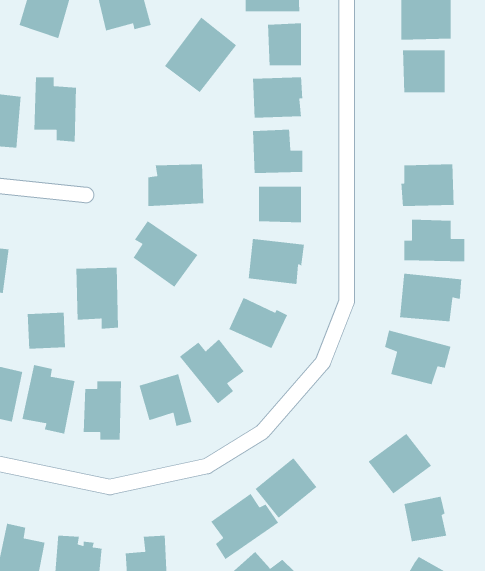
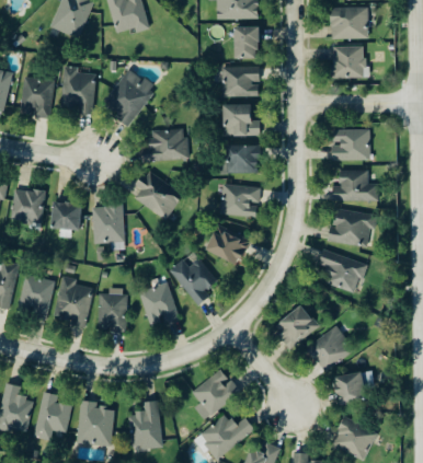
building: [164,17,237,93] -> [102,68,156,124]
building: [27,312,66,349] -> [52,202,80,230]
building: [255,457,318,519] -> [273,304,319,349]

